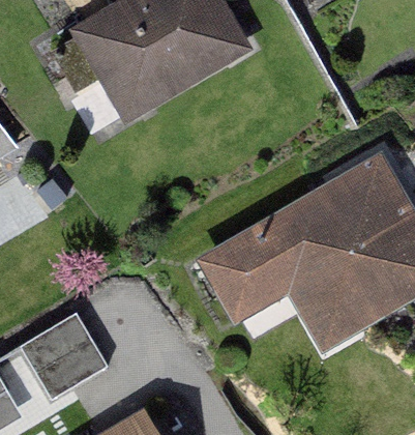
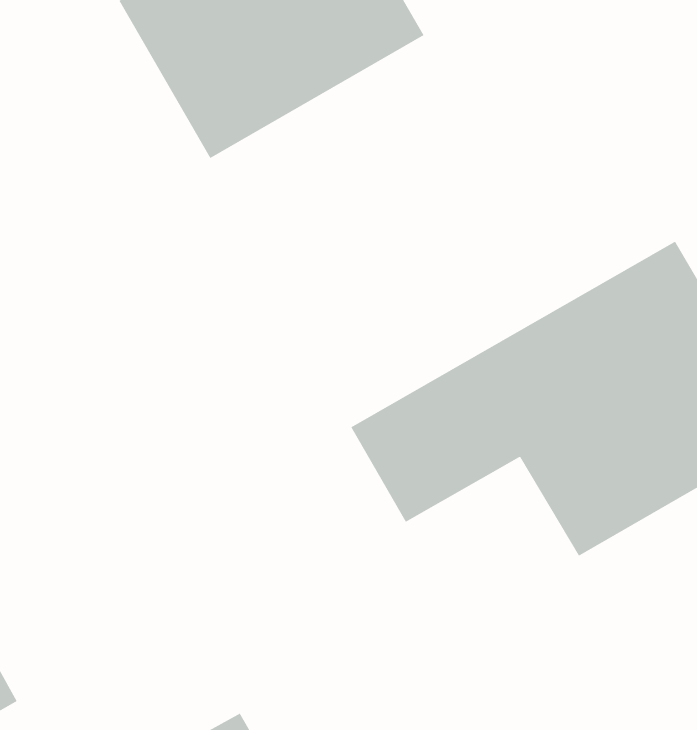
building: [20,308,107,394] -> none

